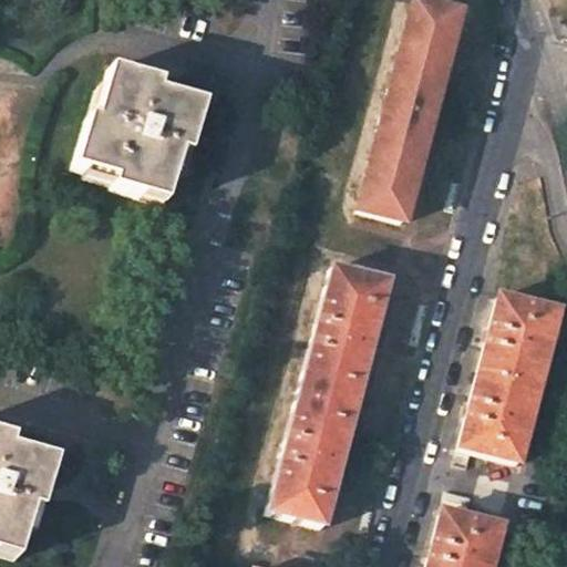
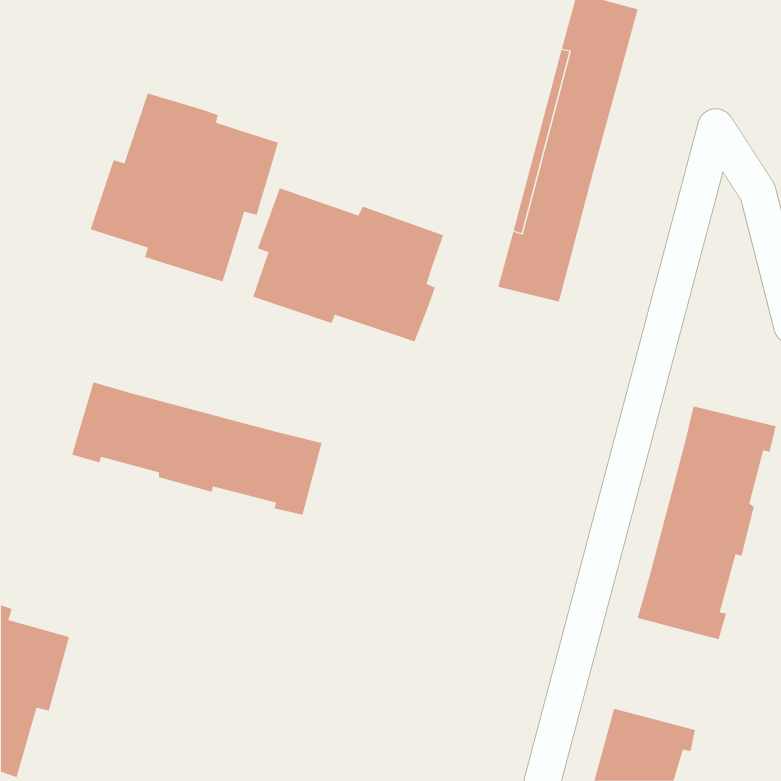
building: none -> [252,188,444,342]
building: [271,260,392,520] -> none
building: none -> [72,381,322,516]

